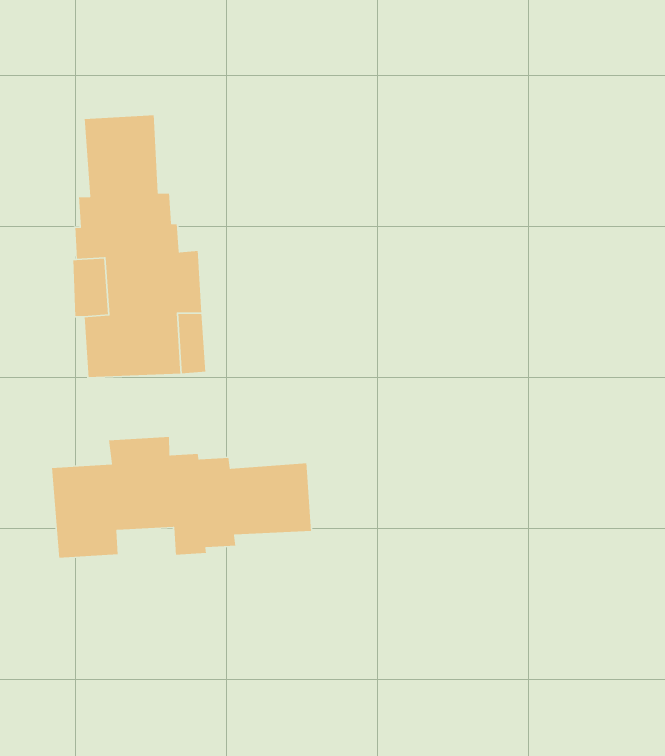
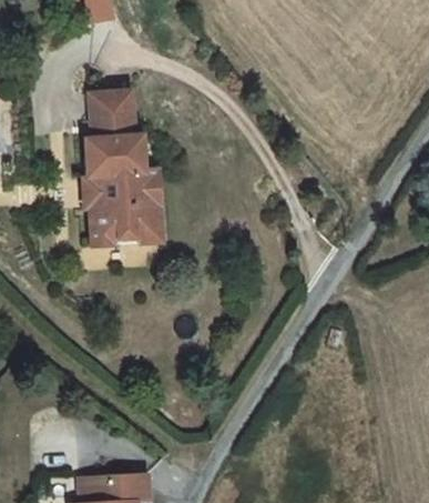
building: [51,436,312,558] -> none

